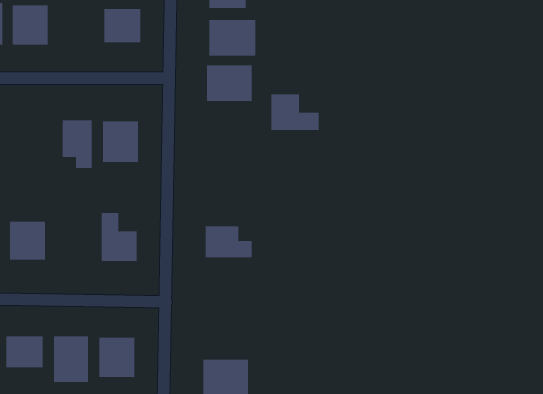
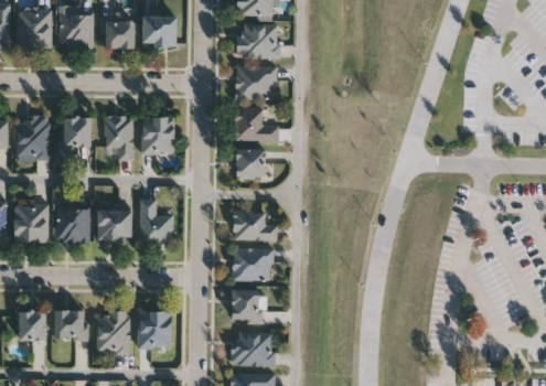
building: none -> [104,18,135,49]
building: [270,94,319,130] -> [235,108,279,141]
building: none -> [61,118,90,154]
building: none -> [235,150,265,180]
building: none -> [97,208,131,242]
building: none -> [232,249,271,281]
building: none -> [232,291,265,323]

